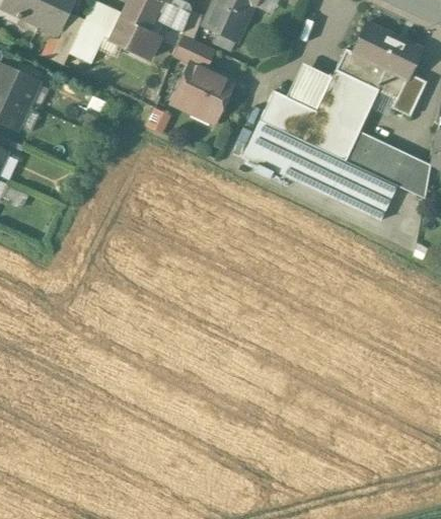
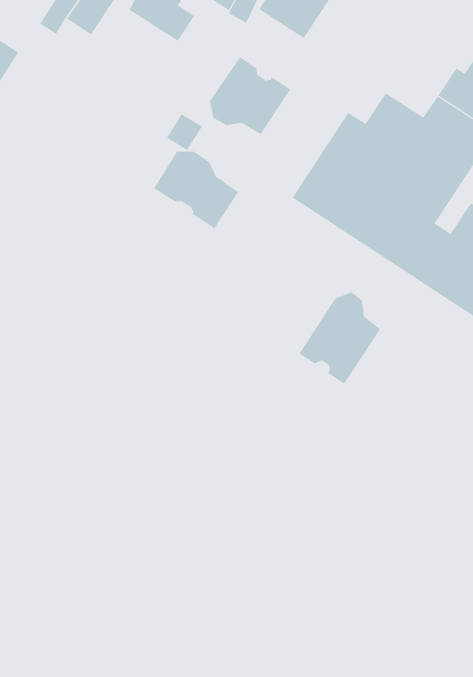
building: [174,38,213,68] -> none
building: none -> [153,151,239,229]
building: none -> [298,292,381,385]

